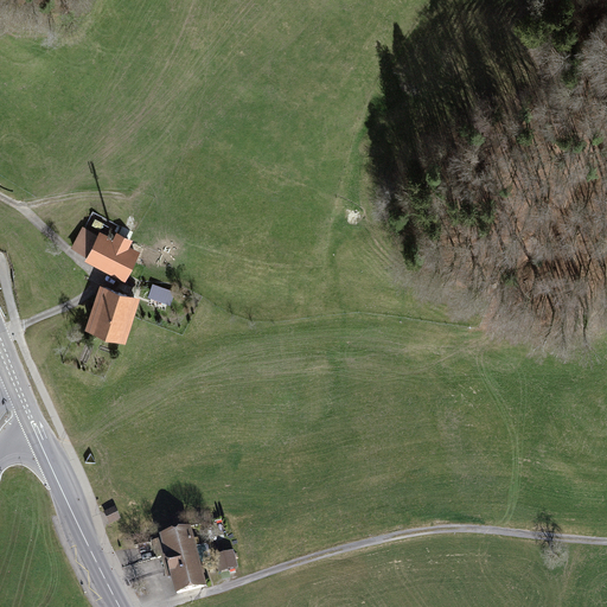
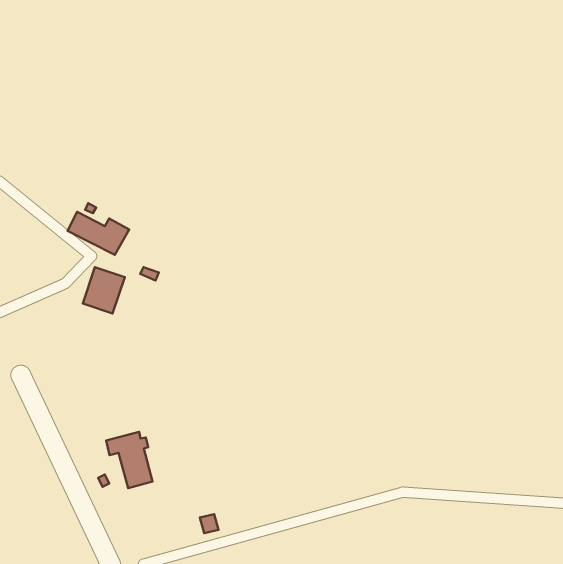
building: [153,533,203,594] -> [106,432,153,488]

